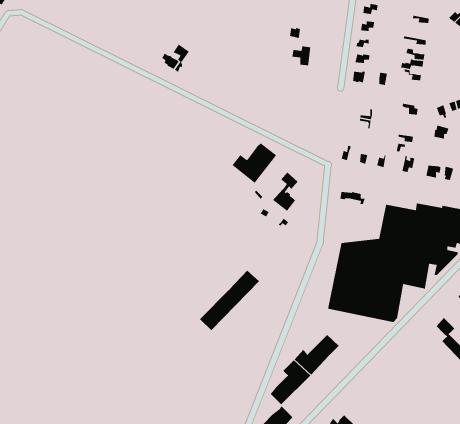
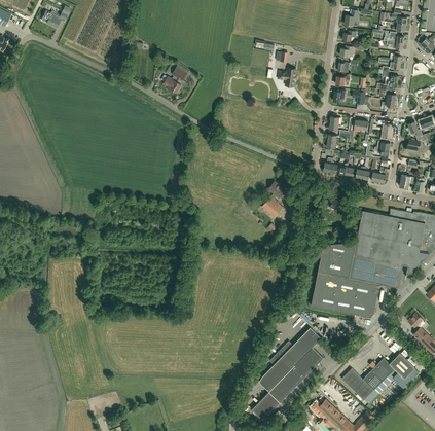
building: [232,142,277,184] -> none
building: [199,270,260,332] -> [269,348,324,403]
building: none -> [341,353,415,404]

